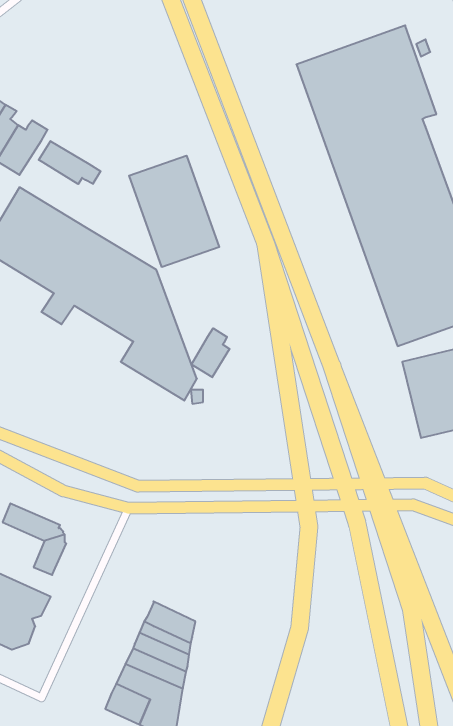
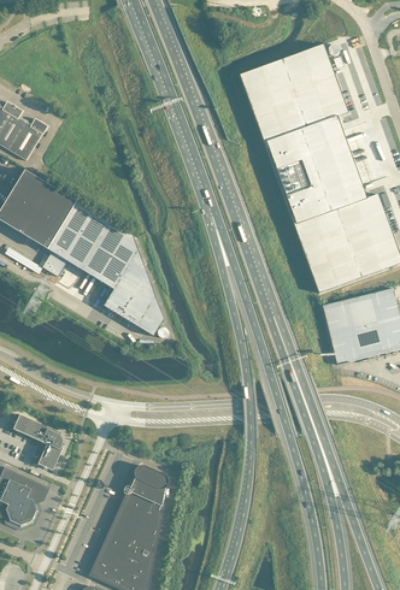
building: [39,141,101,184] -> none
building: [129,156,219,267] -> none
building: [192,328,230,377] -> none
building: none -> [129,466,167,506]

